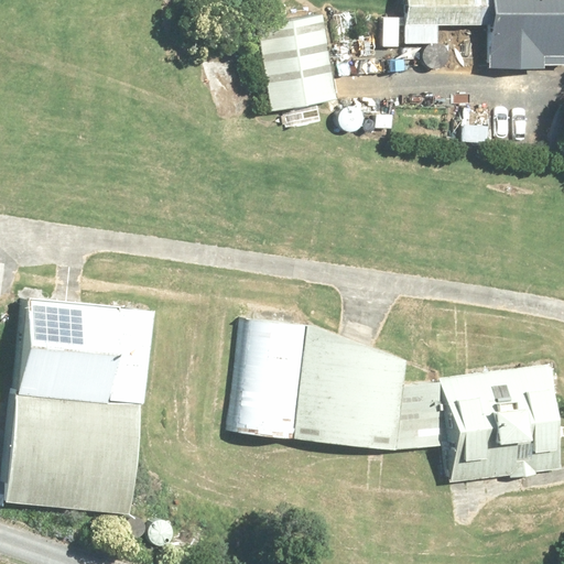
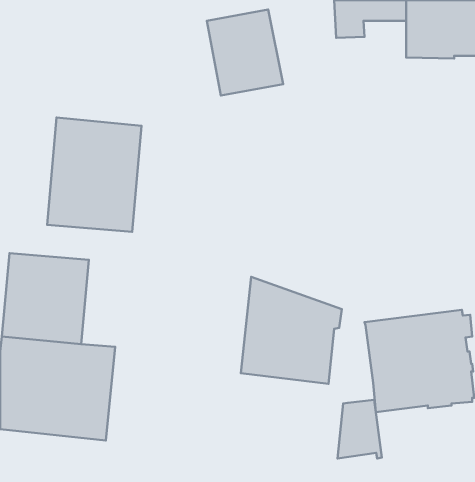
building: none -> [47,118,142,232]
building: [104,304,154,405] -> none
building: [231,316,302,436] -> none
building: [392,380,444,448] -> [337,400,382,458]

